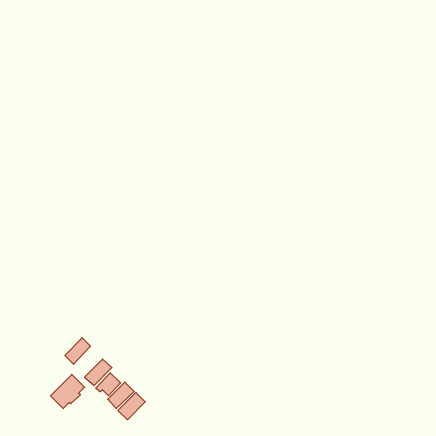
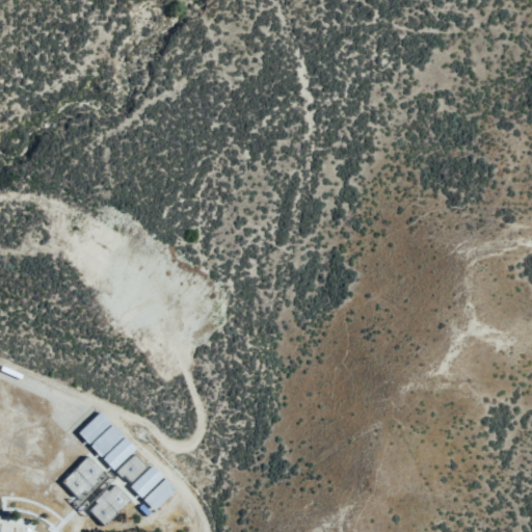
building: none -> [91,424,124,455]
building: none -> [90,484,132,526]

